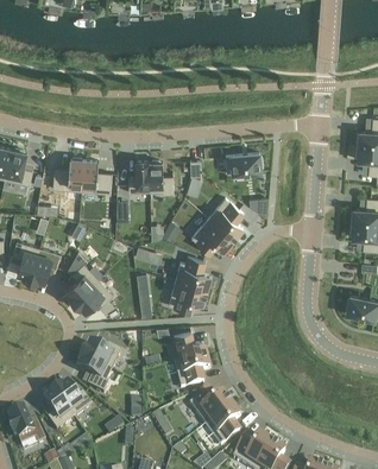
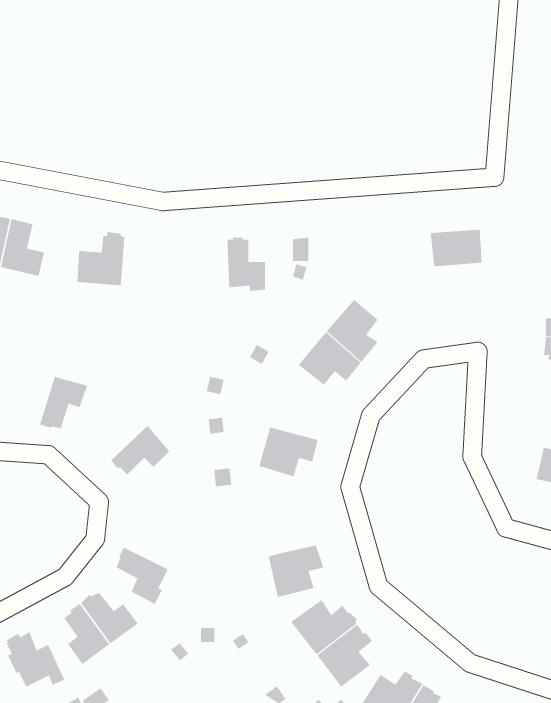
building: [228,152,262,176] -> [430,229,482,267]
building: [81,161,111,195] -> none
building: [127,161,149,194] -> none
building: [11,242,38,280] -> none
building: [64,253,97,303] -> none
building: [175,258,209,290] -> none
building: [172,332,204,362] -> none
building: [82,344,121,372] -> none

